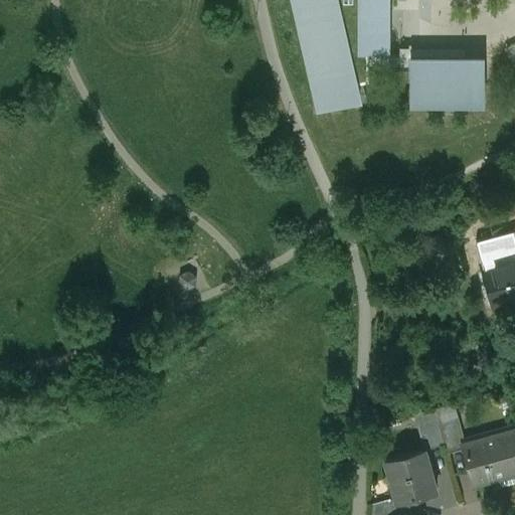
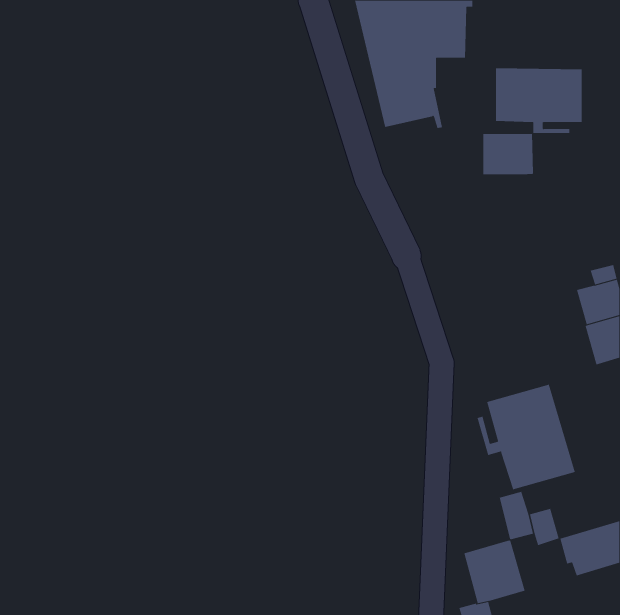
building: none -> [483,133,534,175]
building: none -> [477,384,576,490]

